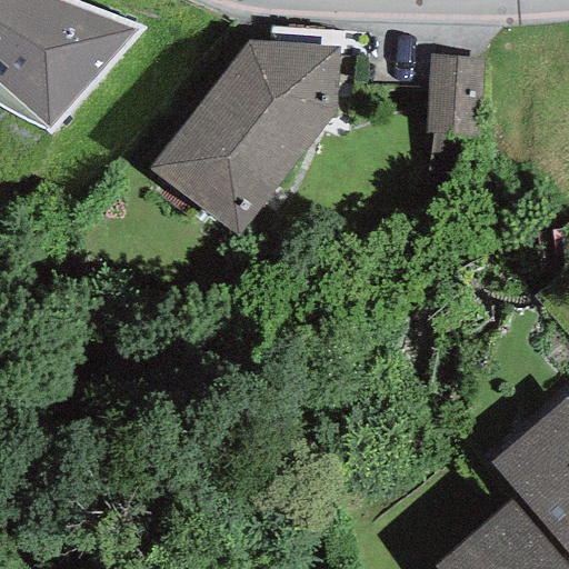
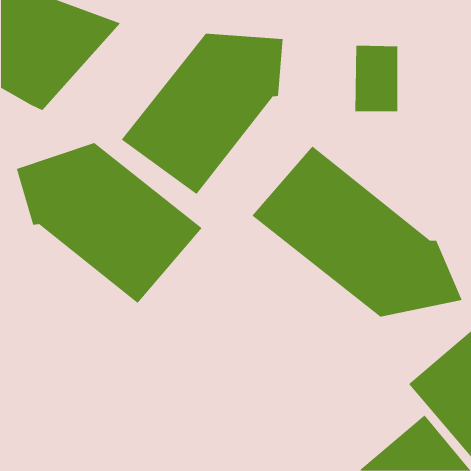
building: none -> [16,142,202,304]
building: none -> [251,146,462,318]

